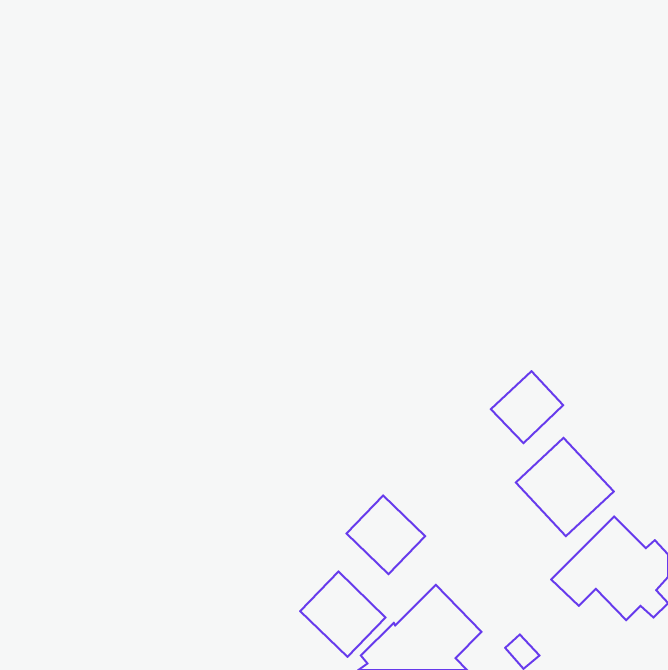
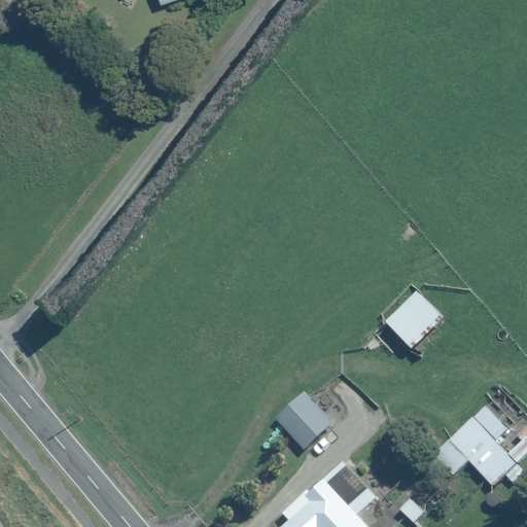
building: [516,438,614,536] -> none
building: [300,572,386,657] -> none

